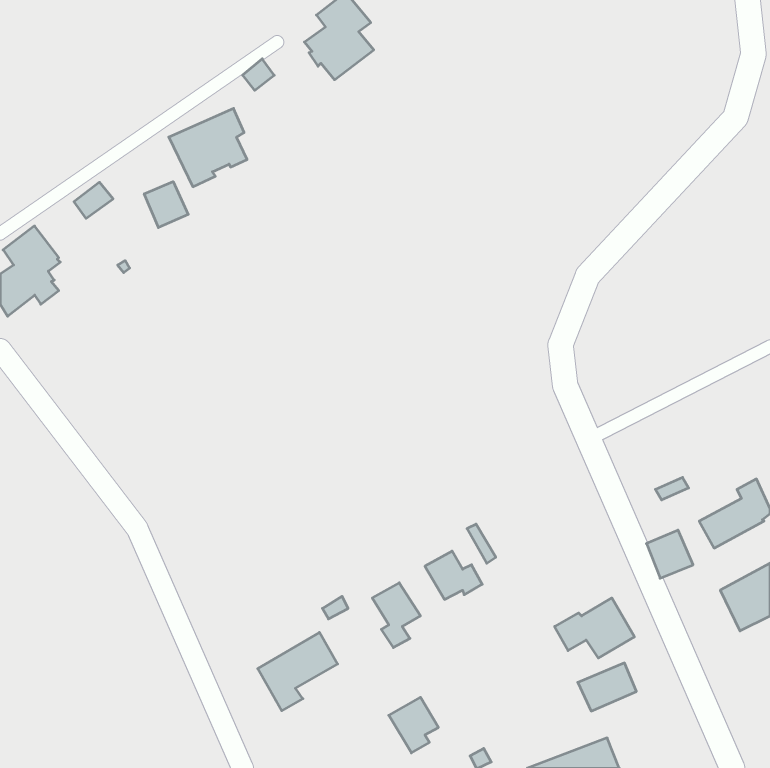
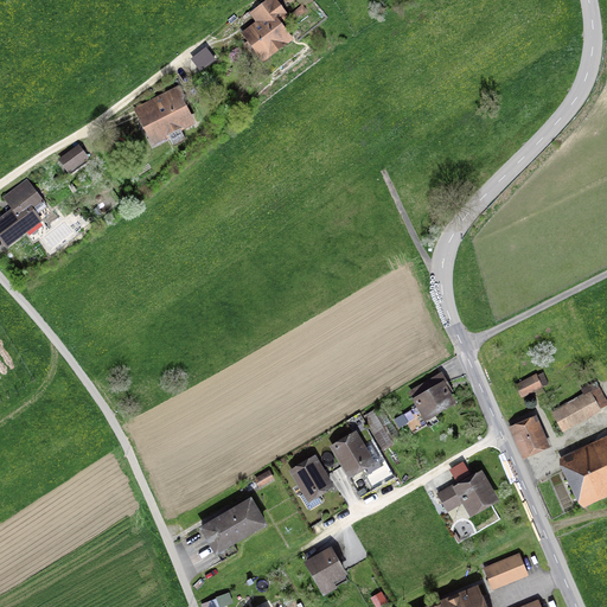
building: [144,182,188,228] -> none
building: none -> [411,373,453,417]
building: [578,663,636,711] -> [483,550,529,588]

